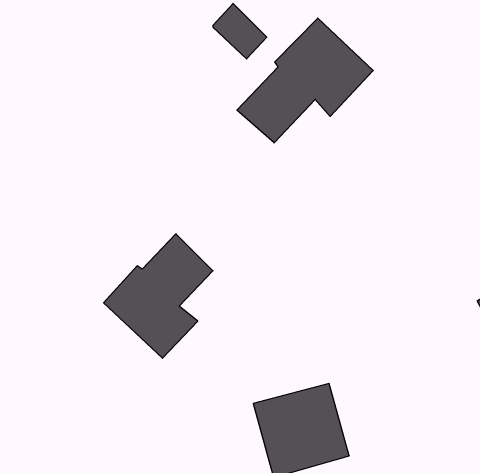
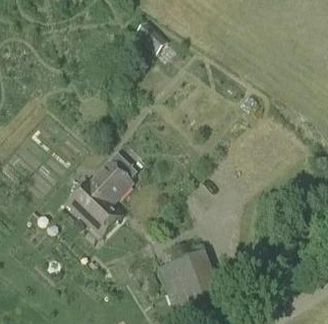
building: [237,18,373,143] -> none

